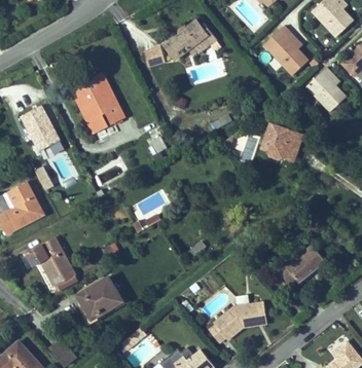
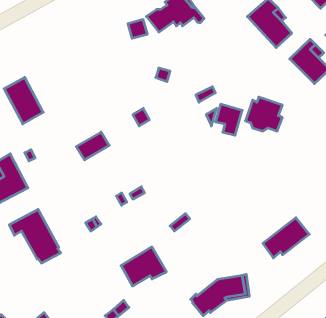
building: [75,74,122,131] -> none
building: [77,277,122,316] -> [121,247,166,286]

